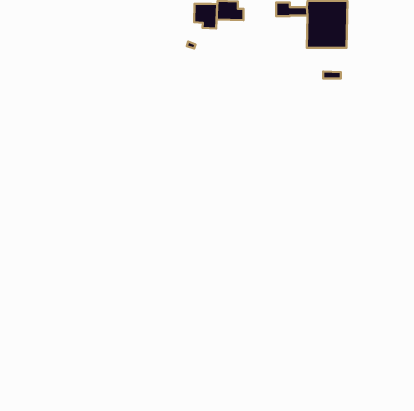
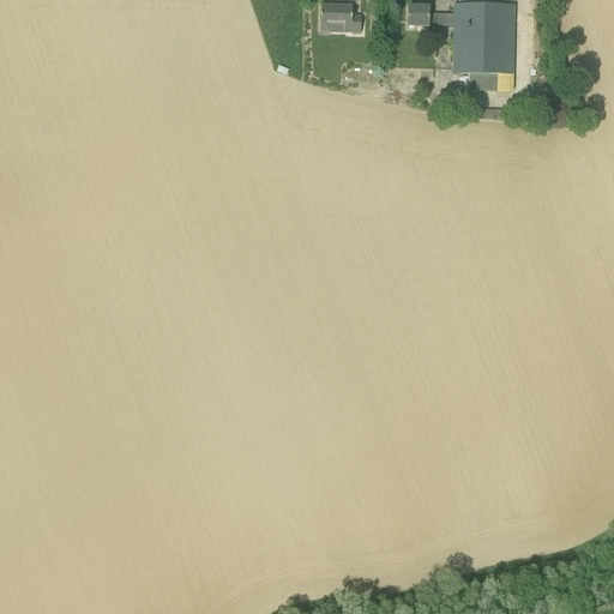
building: [194,4,217,29] -> none

